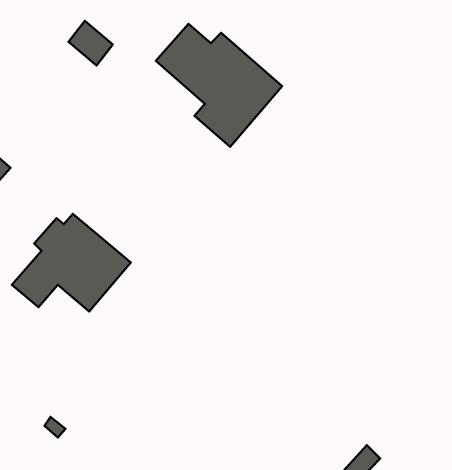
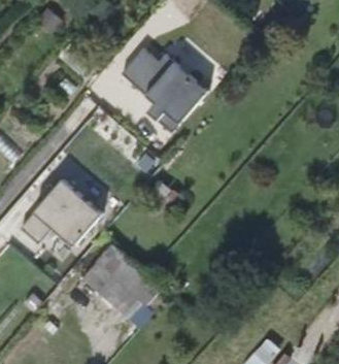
building: none -> [82,246,162,335]

